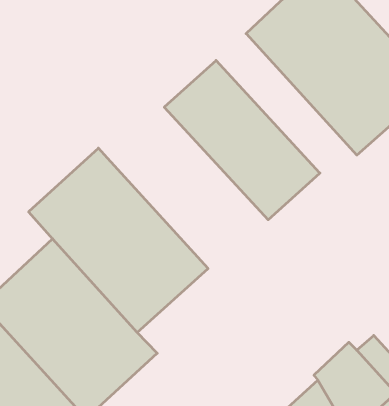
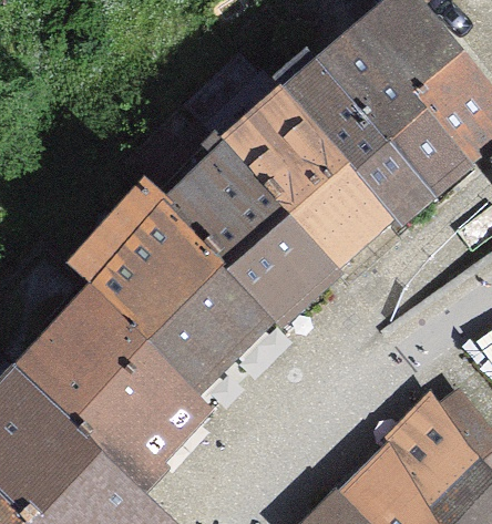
building: none -> [279,60,435,225]
building: none -> [158,142,340,328]

